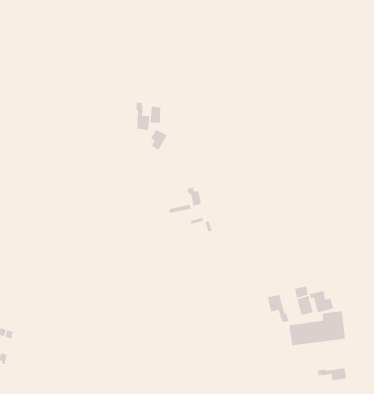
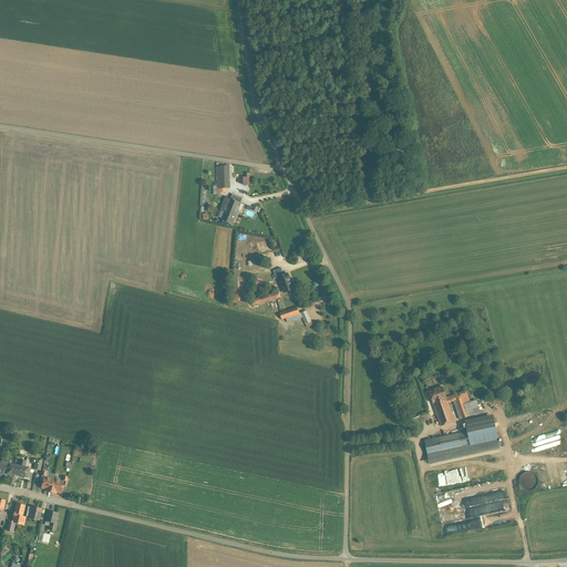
building: [135,102,150,131] -> none
building: [267,294,289,323] -> none

